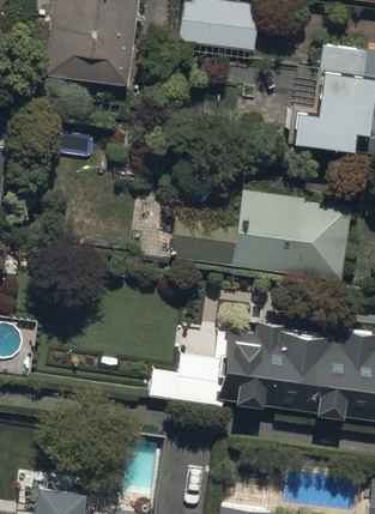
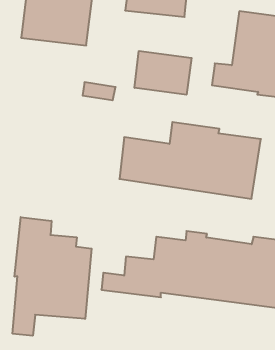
building: none -> [135,51,192,95]
building: none -> [13,217,92,336]

